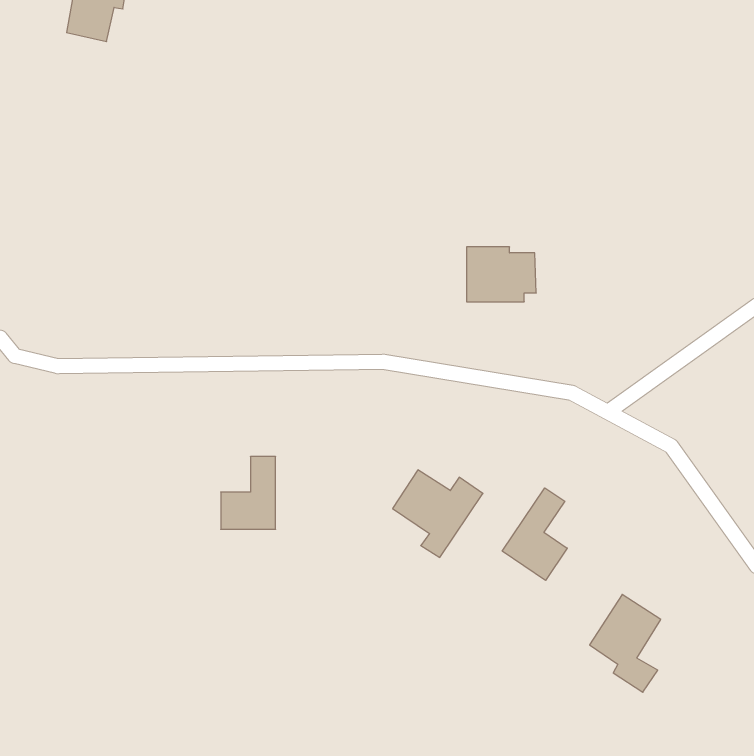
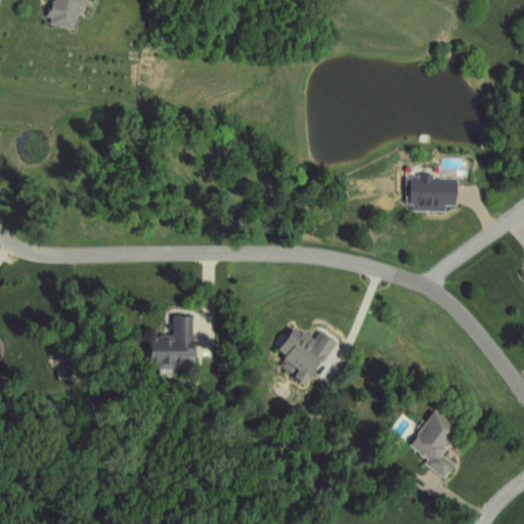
building: [467,247,536,302] -> [406,173,454,211]
building: [502,488,567,580] -> none

